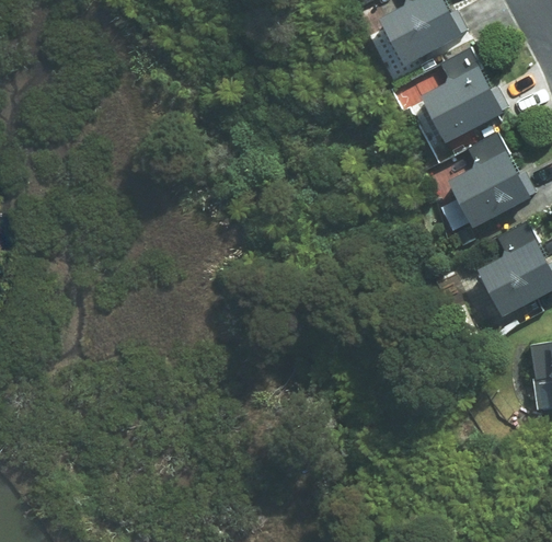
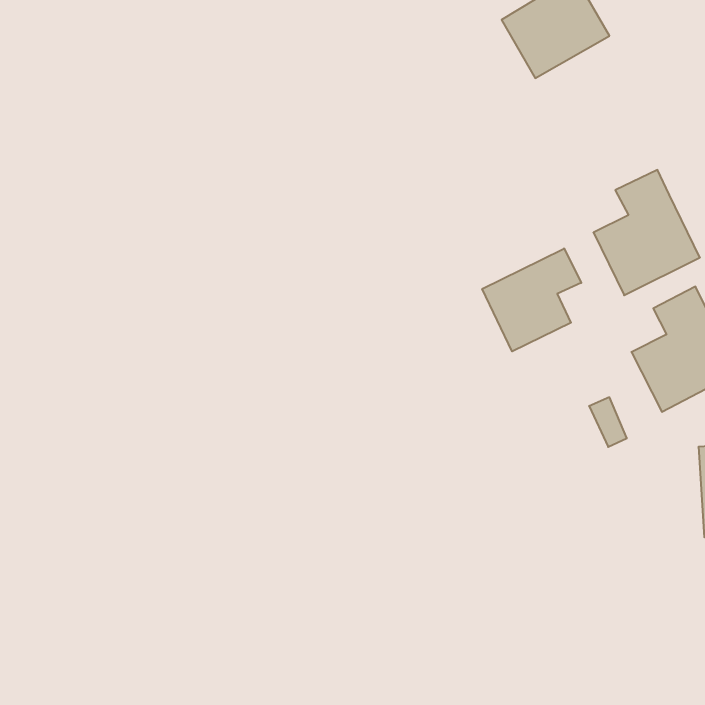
building: [422,50,505,143] -> none
building: none -> [482,248,581,351]

